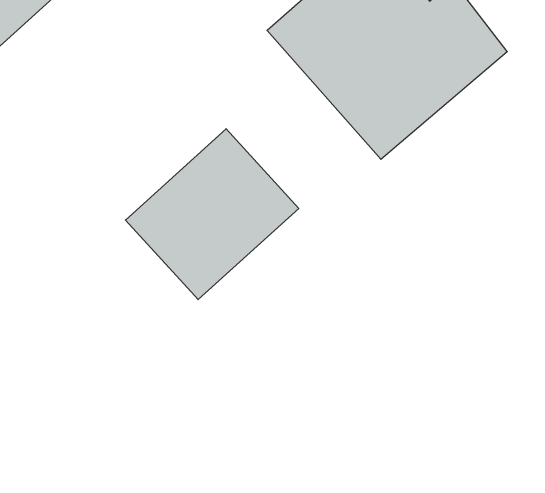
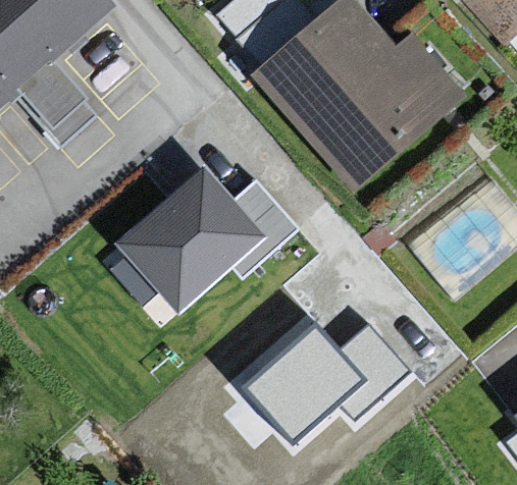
building: none -> [249,316,373,438]

